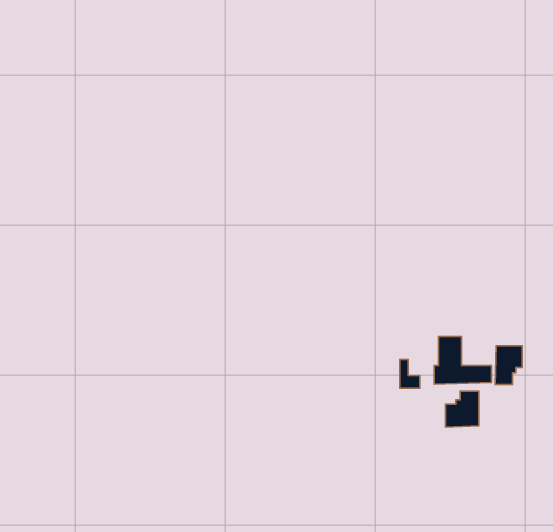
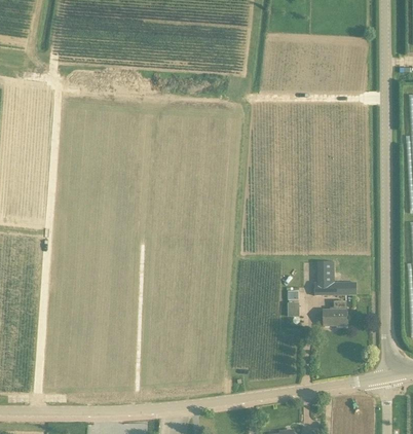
building: [495,346,522,384] -> none

